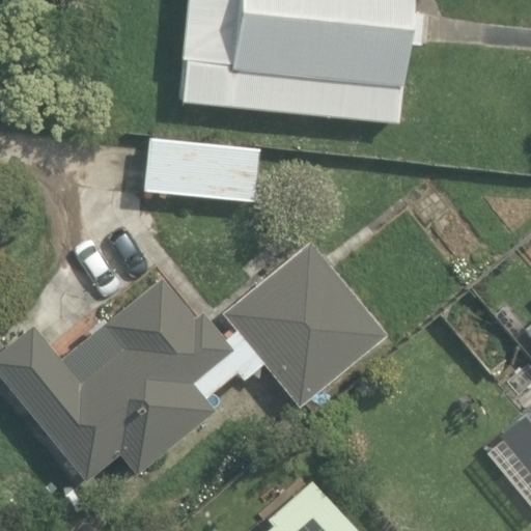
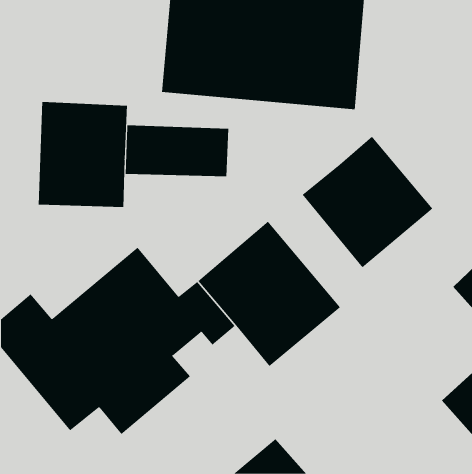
building: none -> [38,101,127,208]
building: none -> [302,136,433,268]

